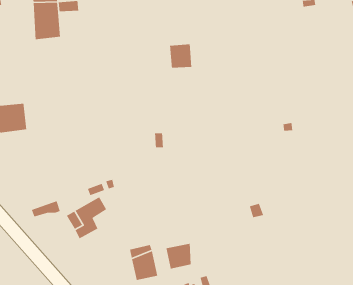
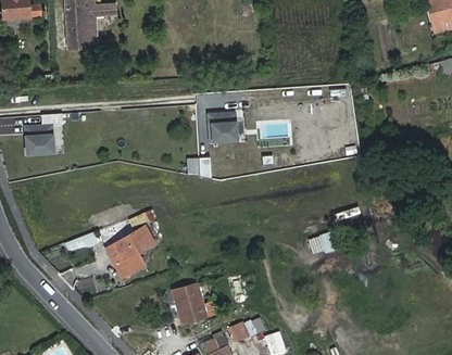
building: [169,43,192,68] -> [211,111,237,139]
building: [166,243,191,269] -> none

